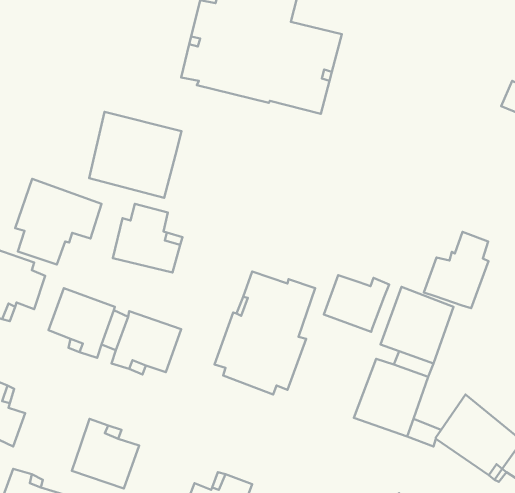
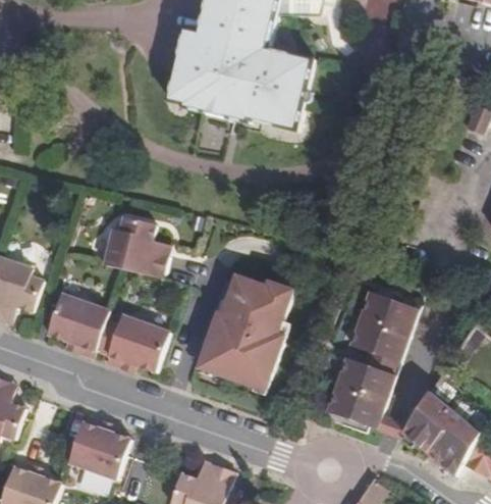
building: [89,112,182,198] -> none
building: [15,179,102,264] -> none
building: [424,232,488,308] -> none
building: [324,275,389,332] -> none

